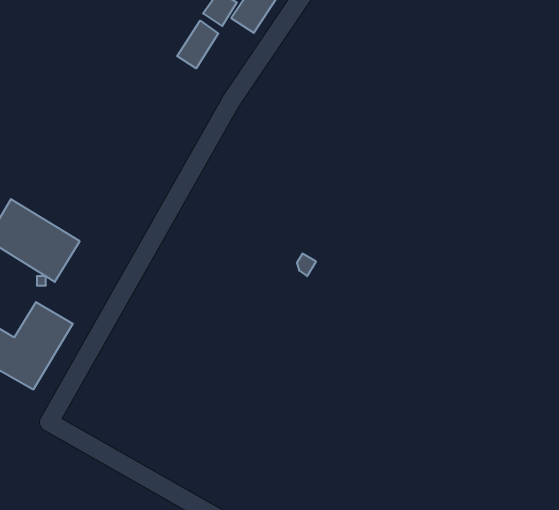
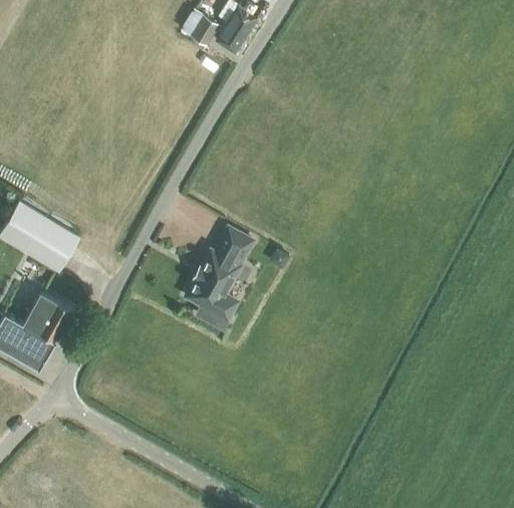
building: [177,21,218,68] -> none
building: none -> [187,228,253,328]

